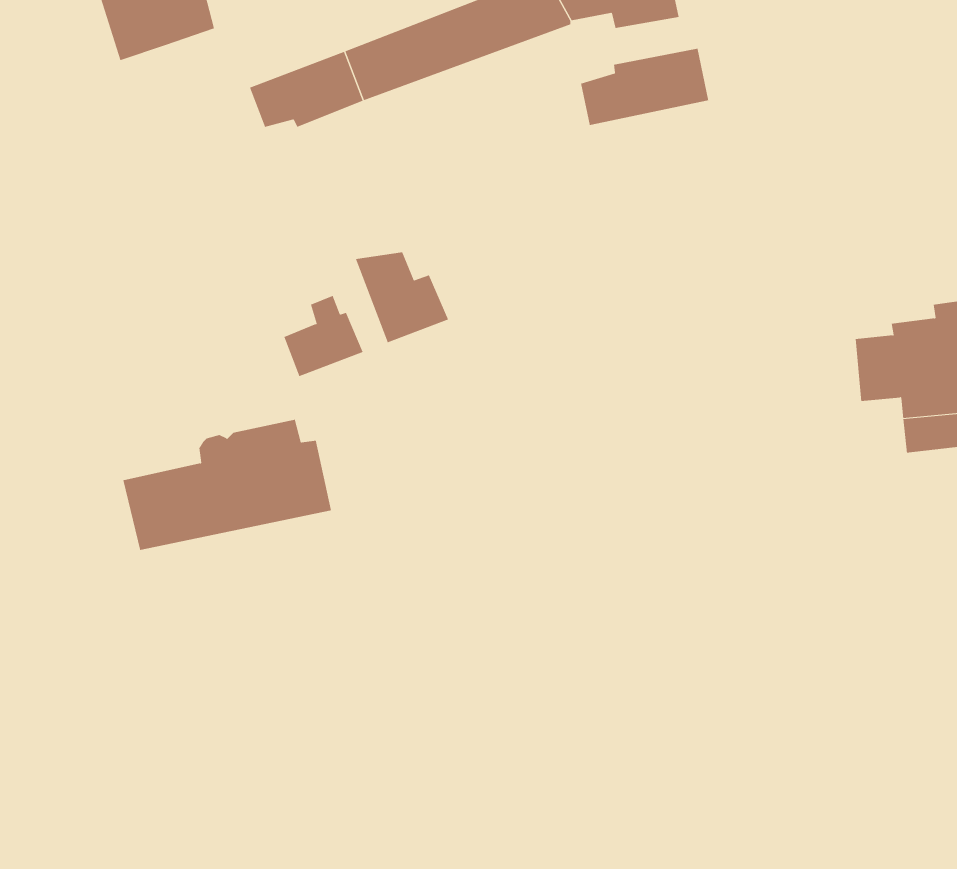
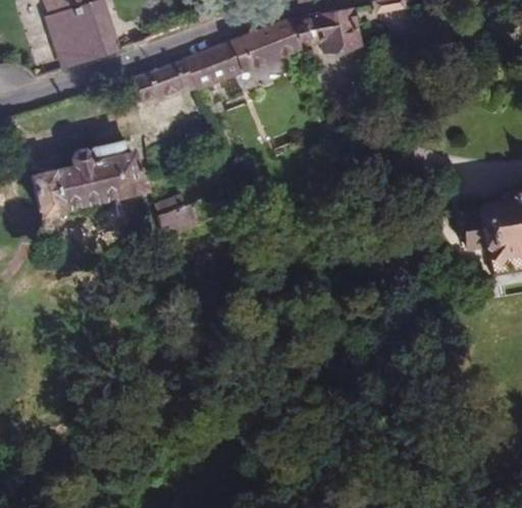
building: [581,48,709,126] -> none
building: [355,252,449,343] -> none
building: [122,419,332,551] -> [31,142,143,212]

